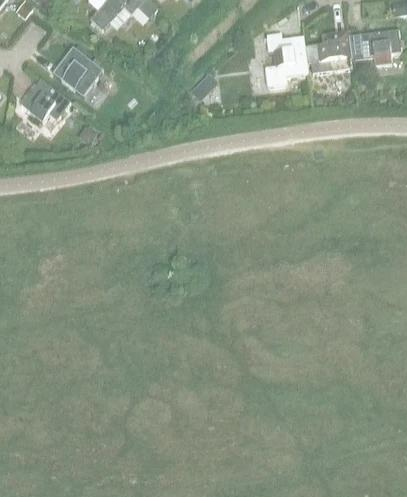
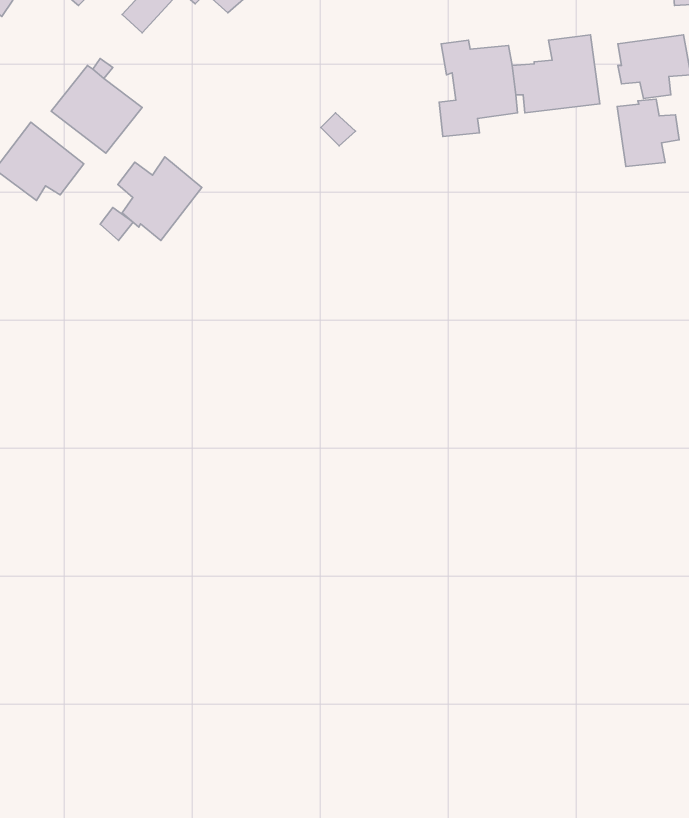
building: none -> [617,99,679,166]
building: none -> [118,157,202,240]

